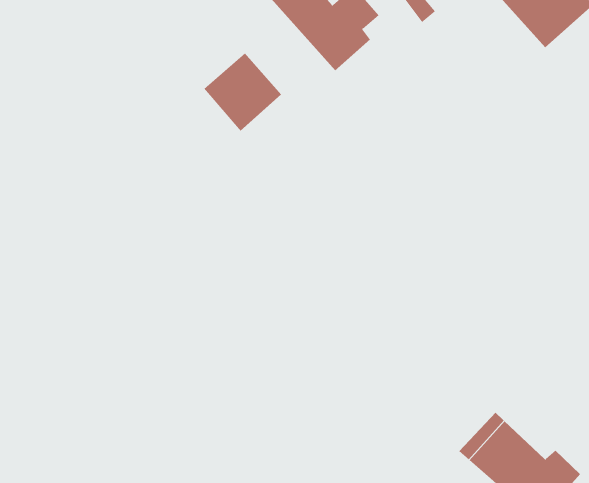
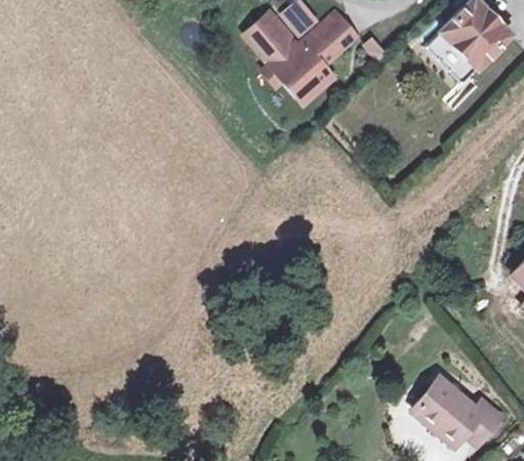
building: [204,53,282,132] -> none

